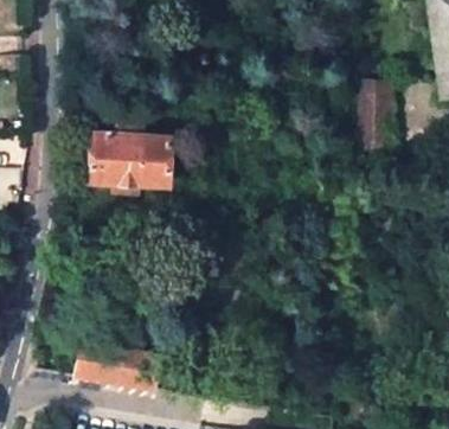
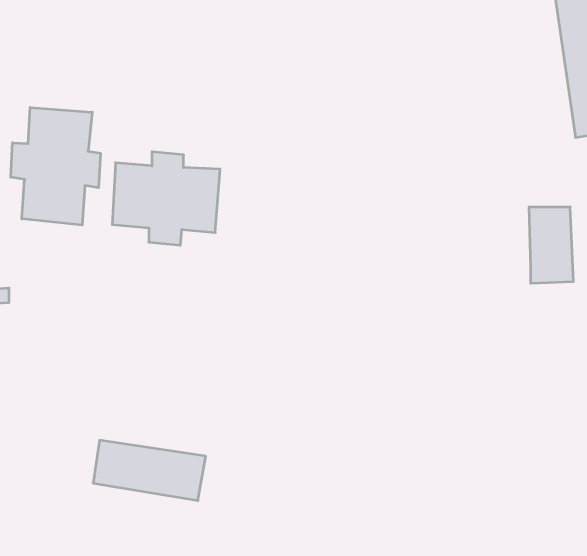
building: none -> [11,107,100,225]
building: [360,101,393,158] -> [529,207,573,283]

